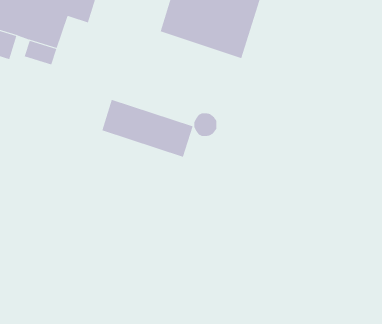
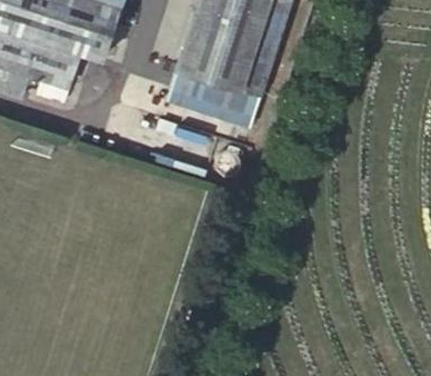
building: [102,99,193,158] -> [167,66,261,126]

